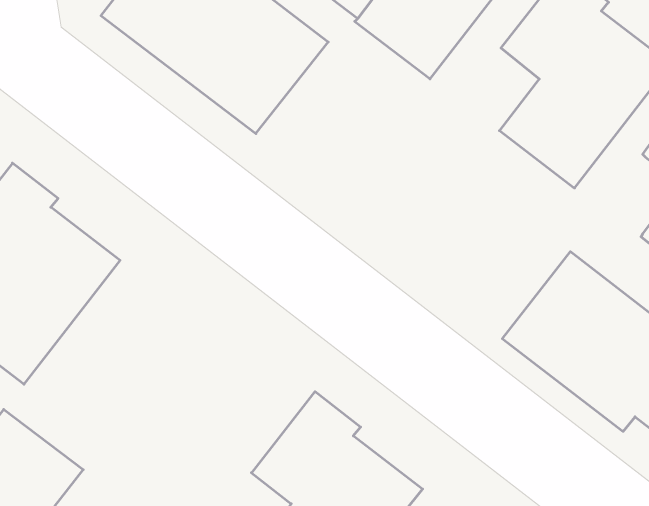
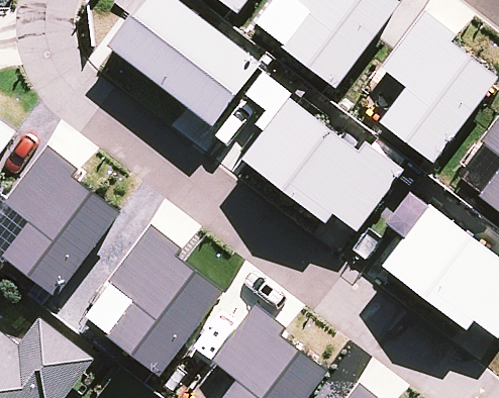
building: none -> [241,98,401,229]
building: none -> [105,225,222,377]

